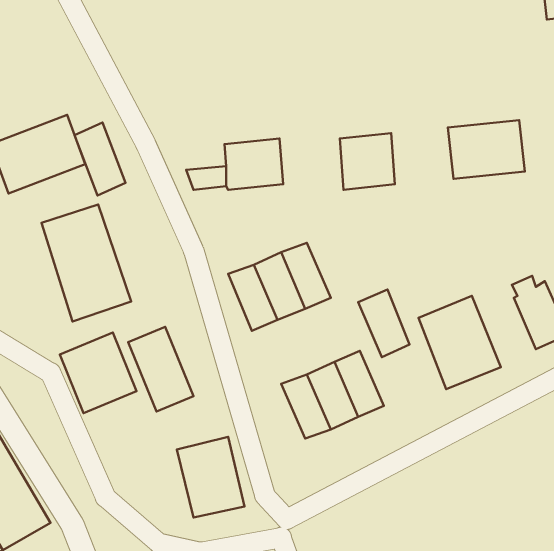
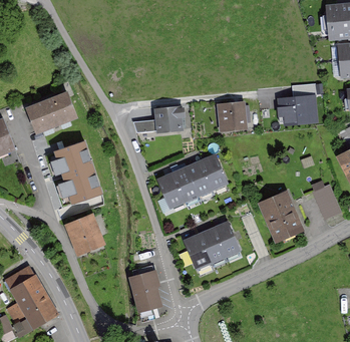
building: [75,122,125,195] -> none
building: [358,289,409,357] -> [199,154,227,192]
building: [128,327,193,412] -> none

